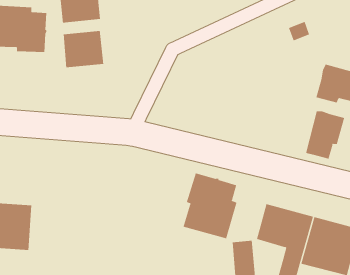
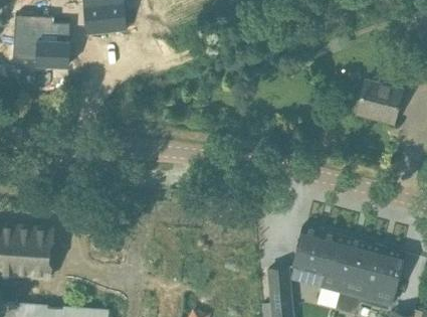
building: [63,30,104,68] -> none
building: [305,111,345,160] -> none
building: [183,172,237,239] -> none

